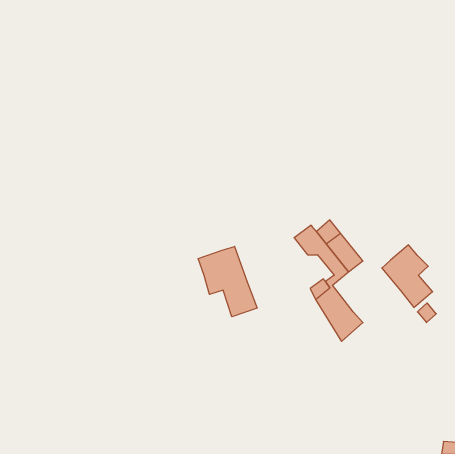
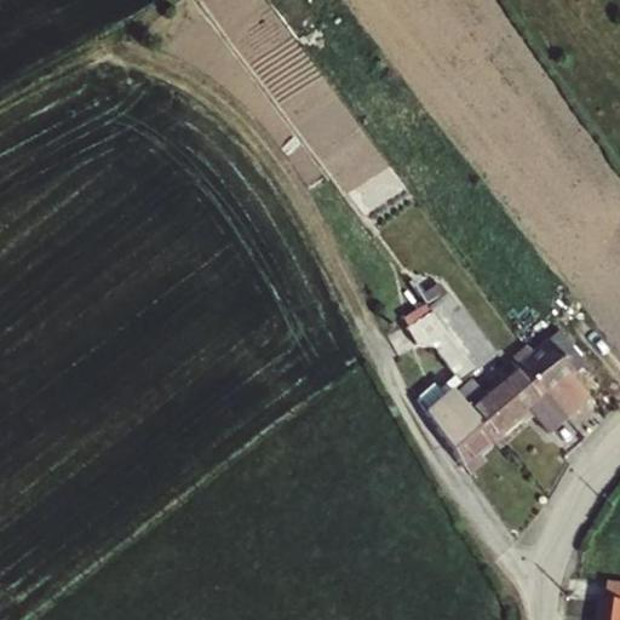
building: [198,246,257,317] -> none
building: none -> [469,363,563,437]

